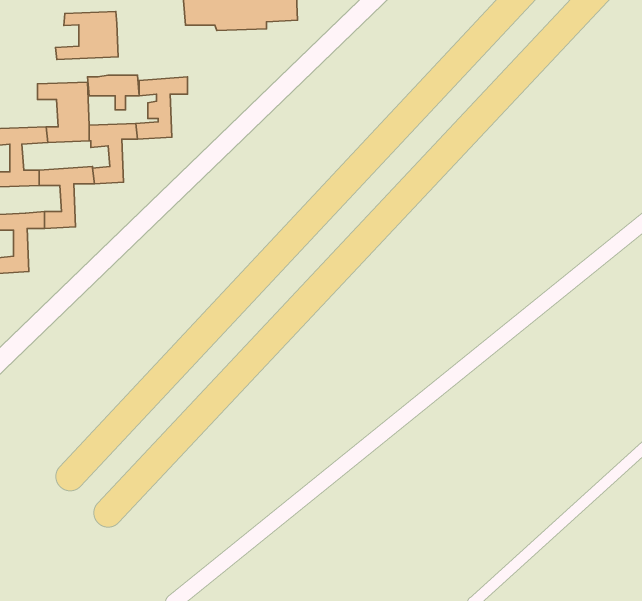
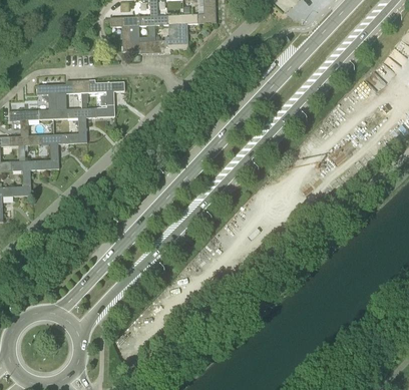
building: [55,12,118,59] -> none

